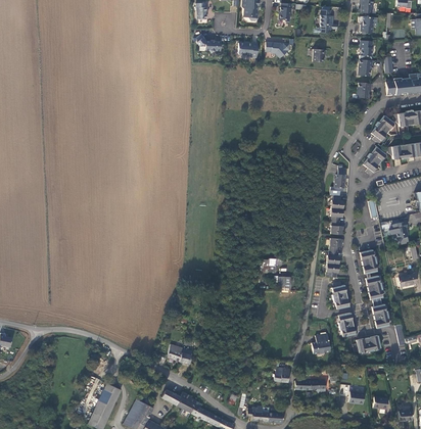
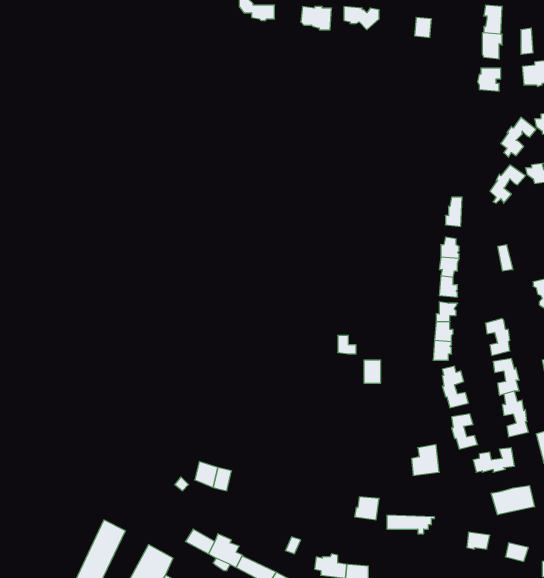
building: none -> [491,485,535,515]

